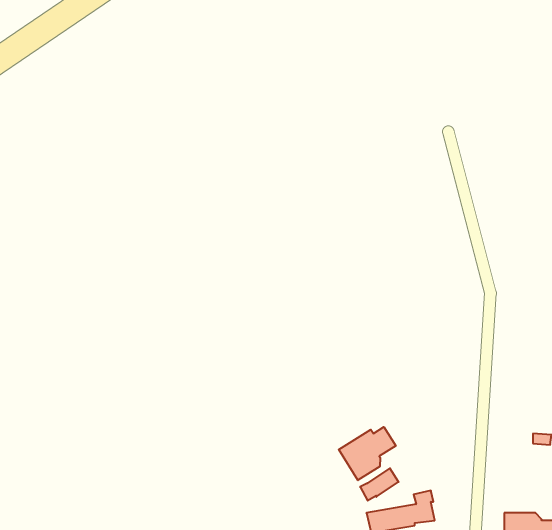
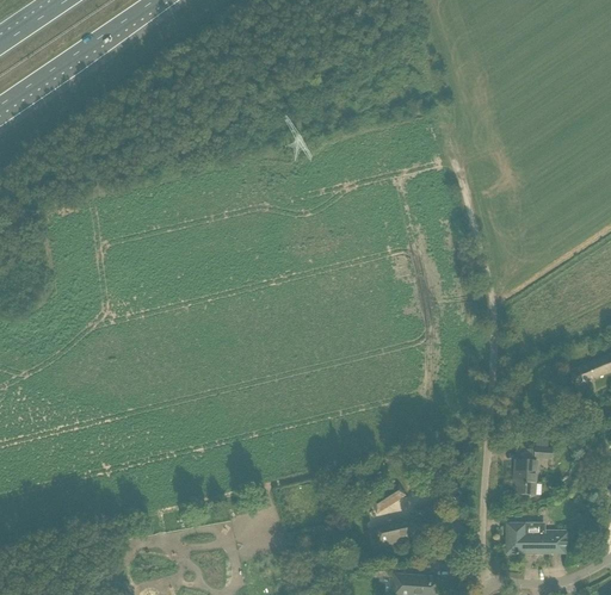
building: [339,427,396,480] -> none
building: none -> [516,464,541,500]

